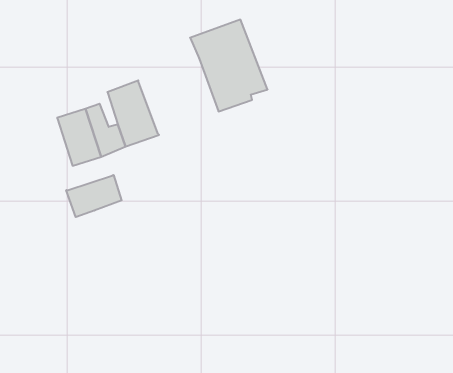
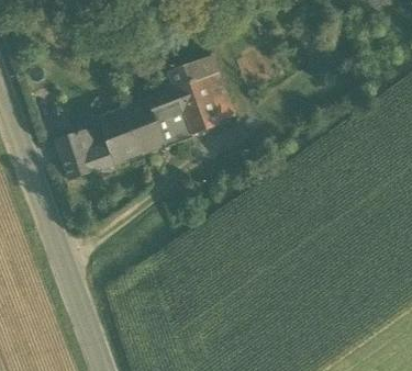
building: none -> [124,88,193,151]
building: [66,175,122,217] -> none

